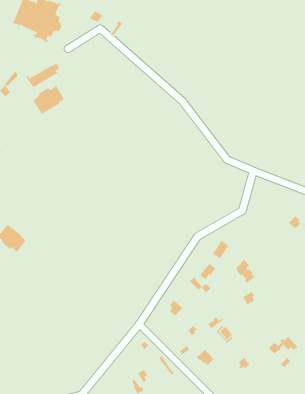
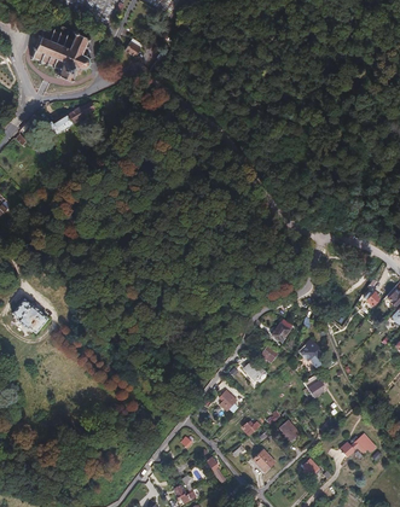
building: [33,85,64,115] -> none

